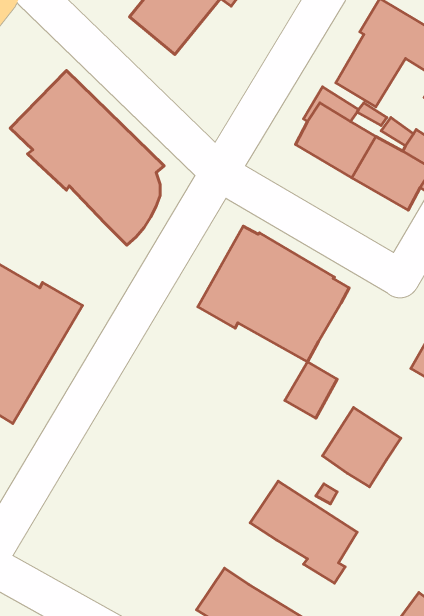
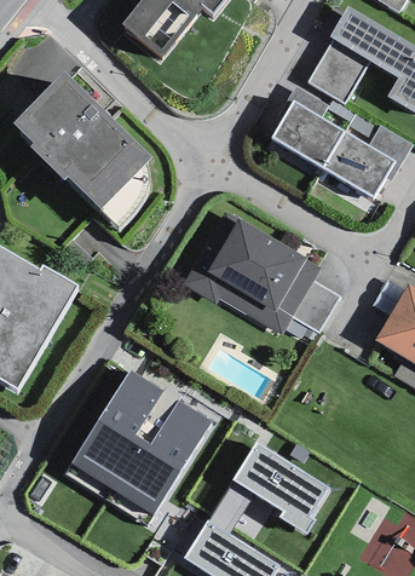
building: [285,362,337,418] -> [292,281,339,332]
building: none -> [65,371,211,524]
building: [322,407,401,487] -> none
building: none -> [207,479,254,535]

